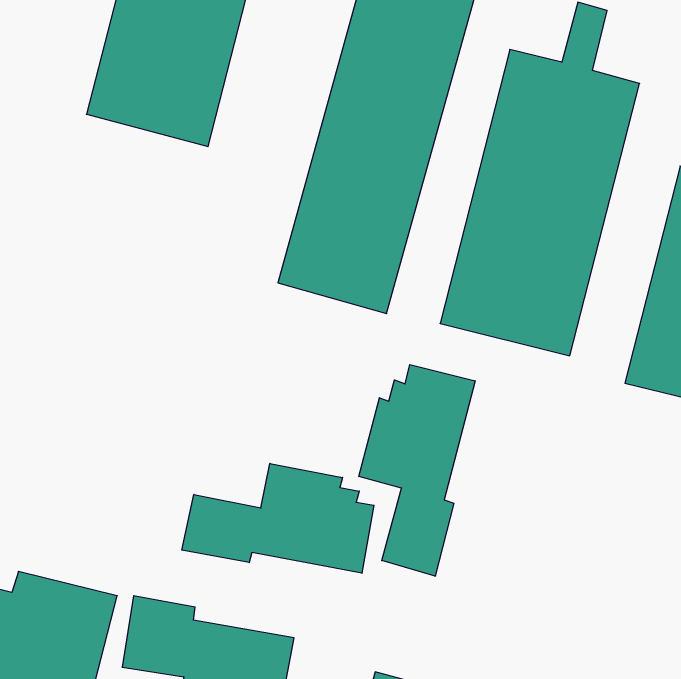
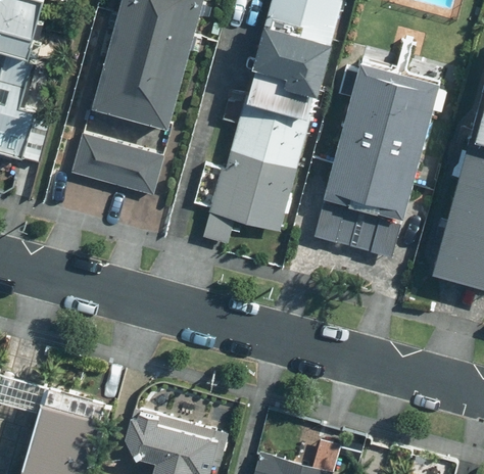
building: none -> [69,133,166,194]
building: [359,365,475,576] -> none
building: [182,463,374,573] -> none

